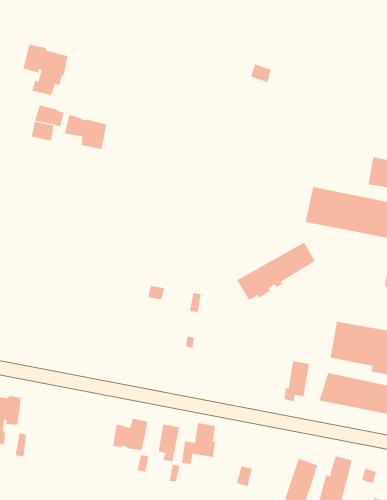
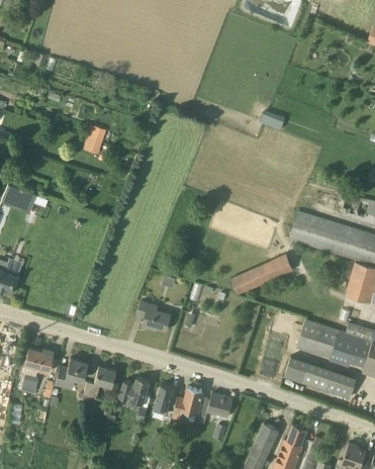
building: [23,44,68,96] -> none
building: [64,114,107,150] -> none
building: none -> [137,300,172,331]
building: none -> [56,358,87,389]
building: none -> [83,366,115,404]
building: none -> [199,390,233,417]

